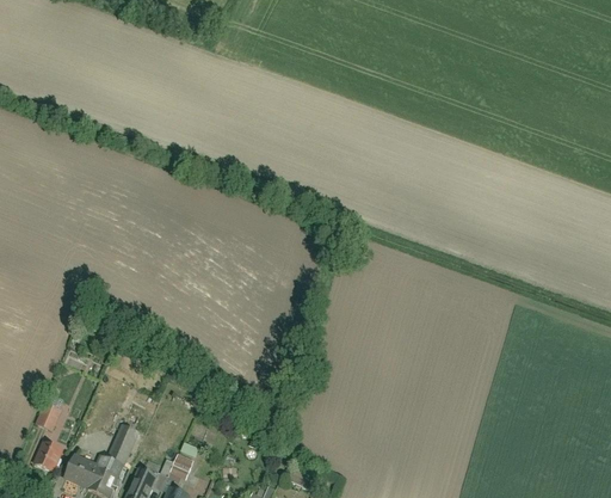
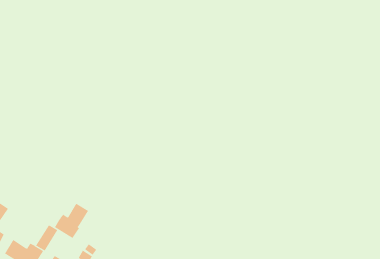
building: none -> [54,203,89,239]

